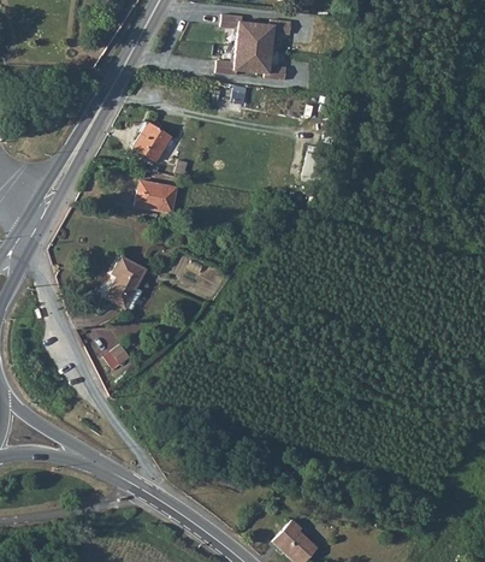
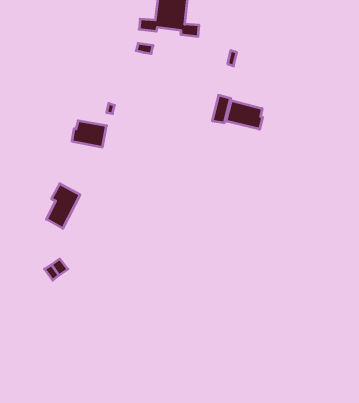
building: [134,123,172,162] -> none
building: none -> [226,100,263,129]

